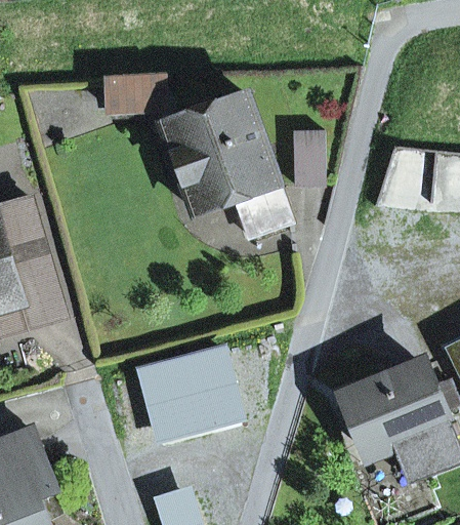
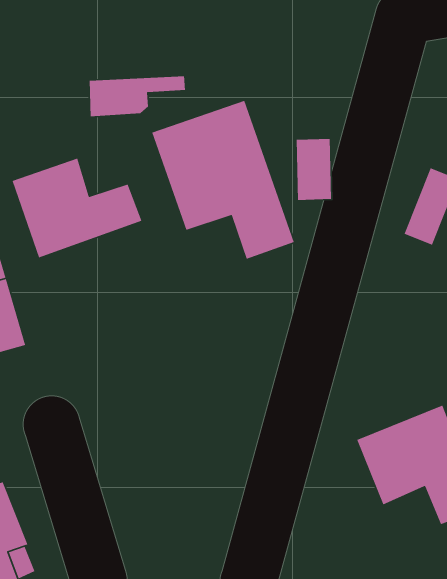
building: none -> [11,158,142,259]
building: [141,355,216,431] -> none

